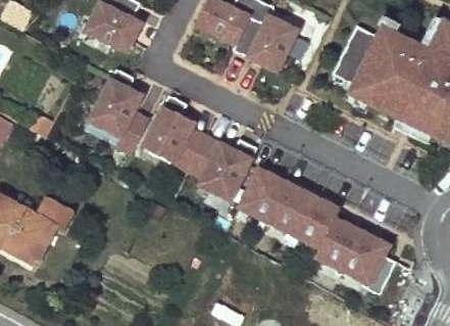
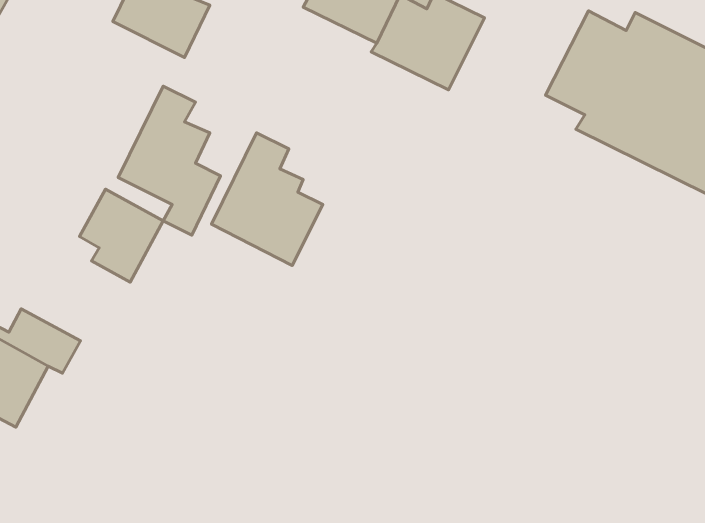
building: none -> [80,189,163,282]
building: [189,136,257,200] -> none
building: [239,169,396,294] -> none

